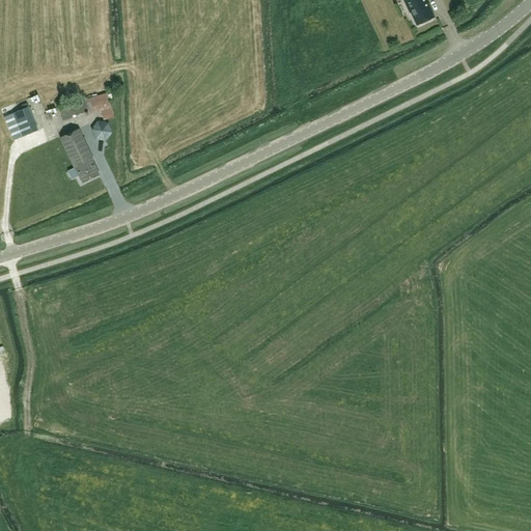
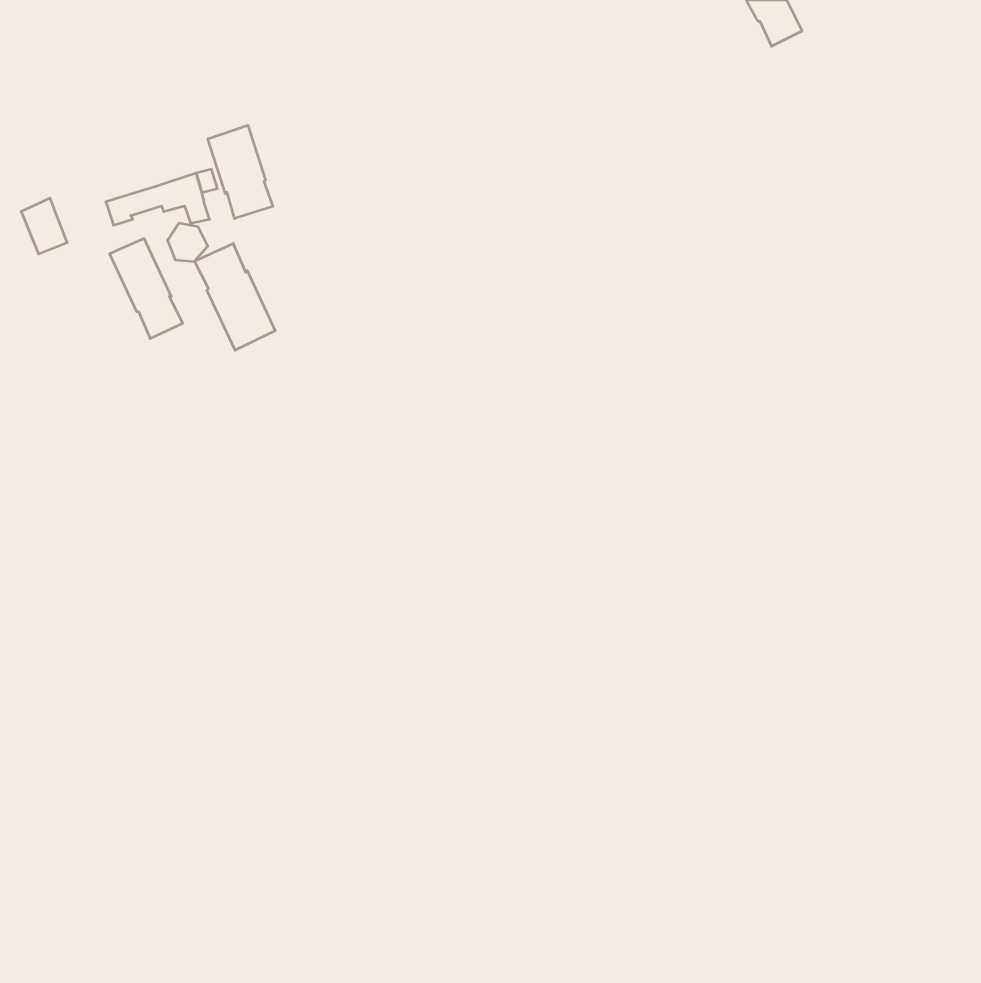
building: none -> [208,125,273,219]
building: none -> [195,243,275,350]

